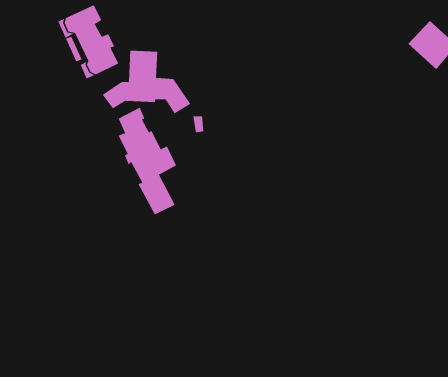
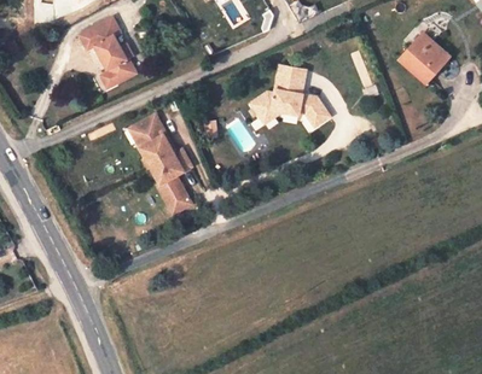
building: [102,50,191,114] -> [250,64,332,123]

